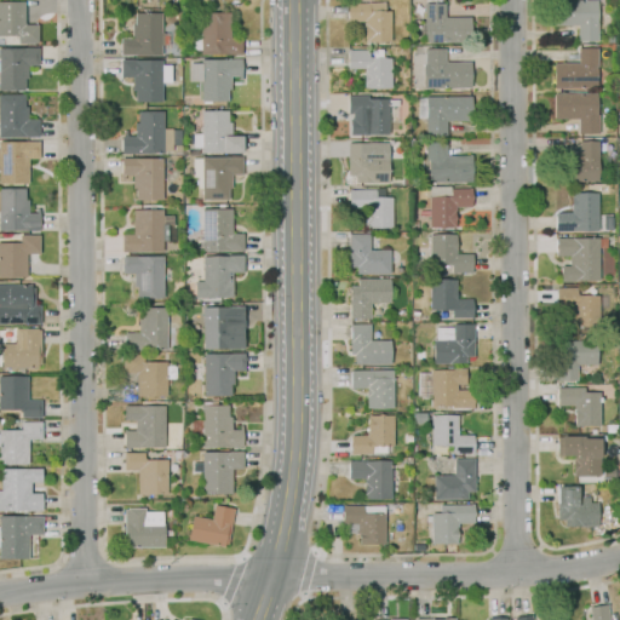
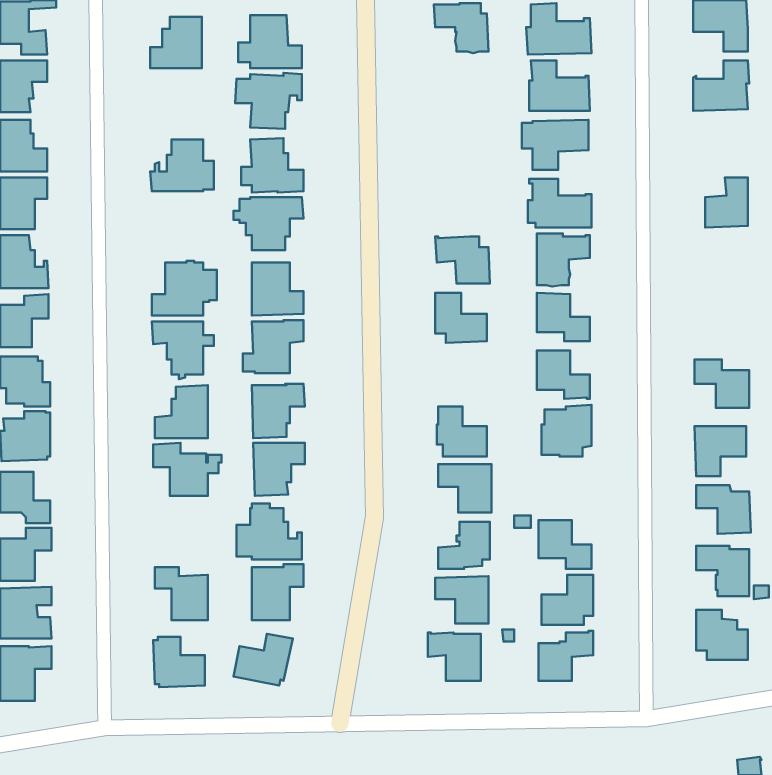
building: [350,48,392,88] -> none
building: [121,61,172,102] -> none
building: [556,93,602,134] -> none
building: [350,96,390,136] -> none
building: [349,143,390,183] -> none
building: [122,157,163,200] -> none
building: [557,193,599,231] -> none
building: [557,239,608,282] -> none
building: [351,279,391,318] -> none
building: [420,368,475,408] -> none
building: [125,406,166,448] -> none

